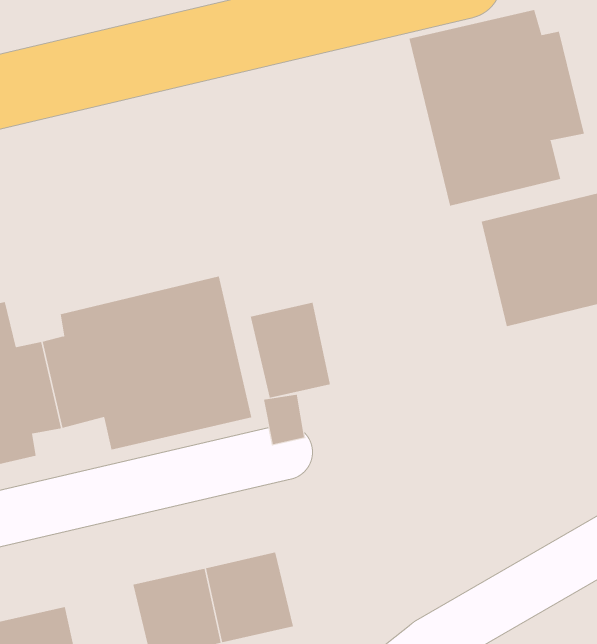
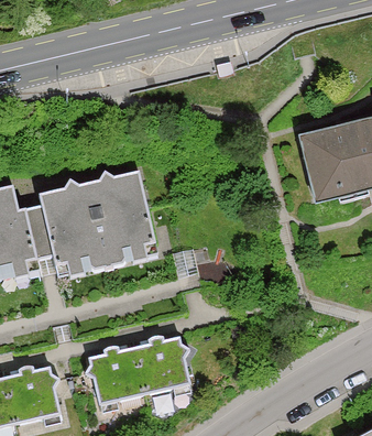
building: [409,9,584,206] -> none
building: [250,302,331,398] -> none

